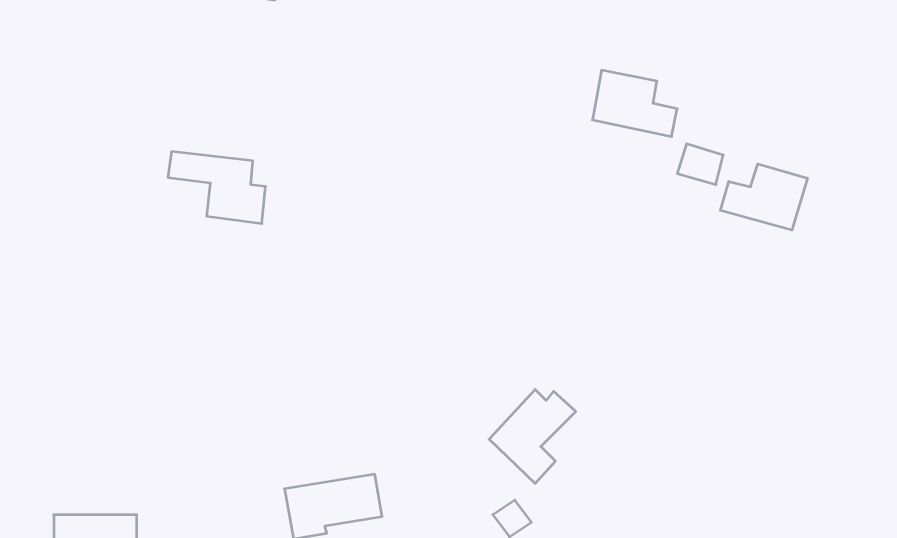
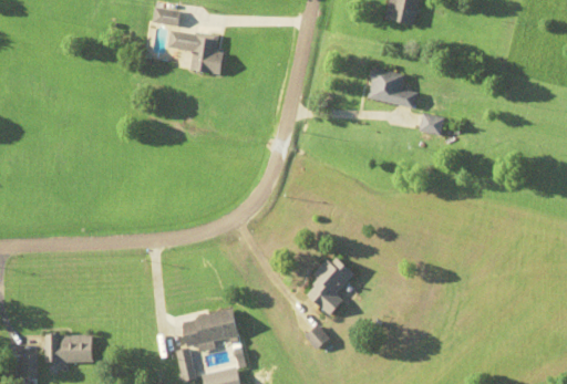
building: [168,152,266,224] -> [165,32,224,75]
building: [720,164,807,230] -> none

